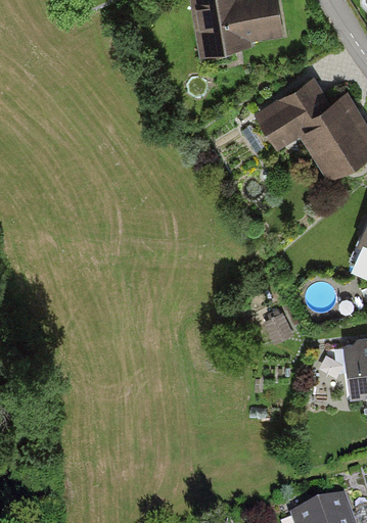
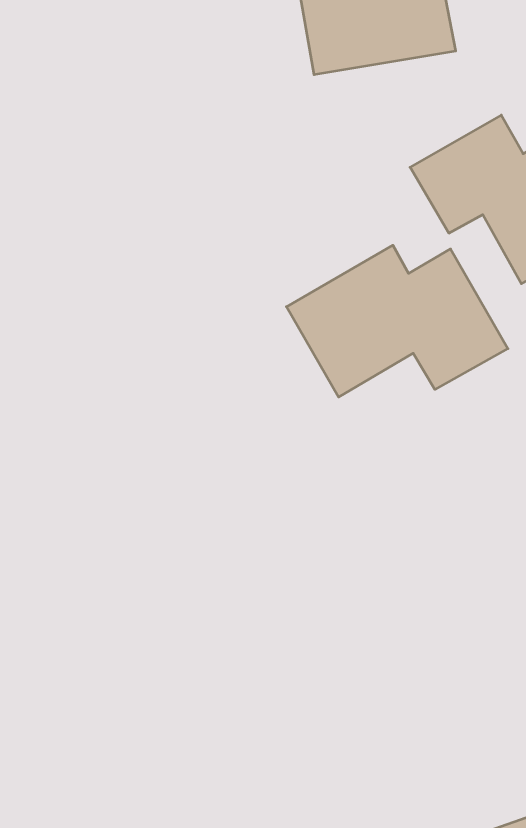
building: none -> [286,245,508,397]

